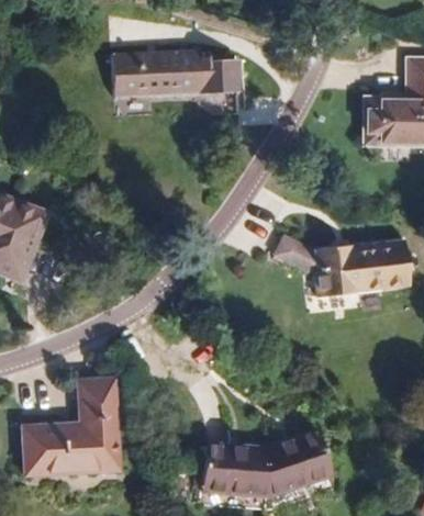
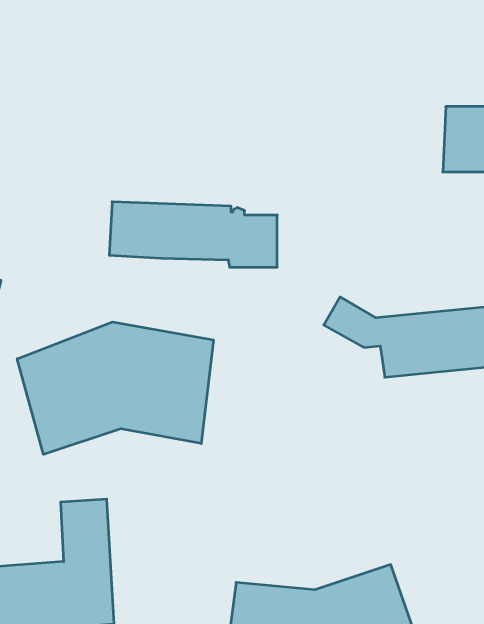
building: [110,51,234,99] -> [109,202,277,267]
building: none -> [17,322,213,454]

